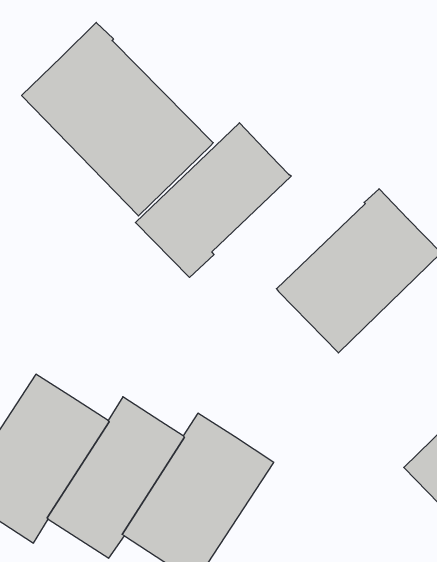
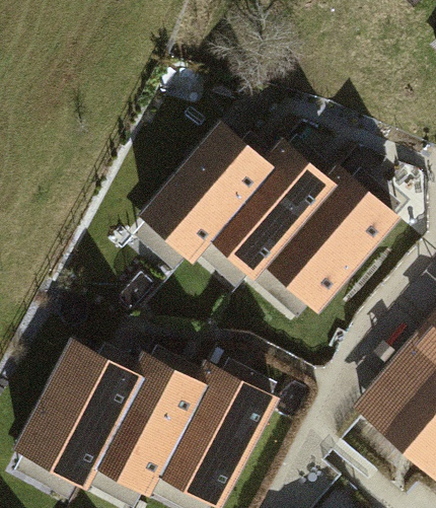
building: [22,22,213,216] -> none
building: none -> [206,145,326,274]

